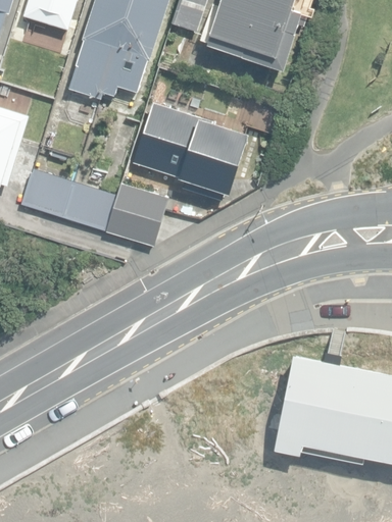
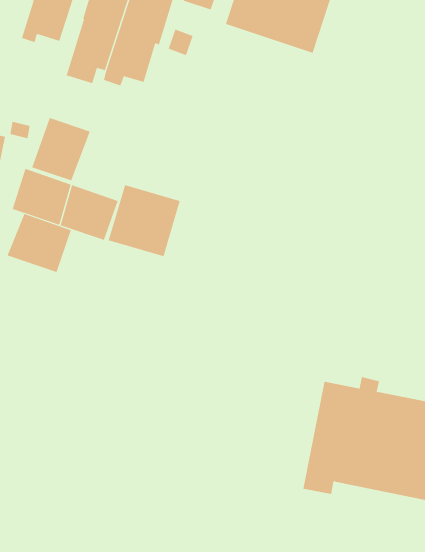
building: [131,101,248,201] -> none
building: none -> [31,117,91,181]
building: none -> [7,213,71,273]

